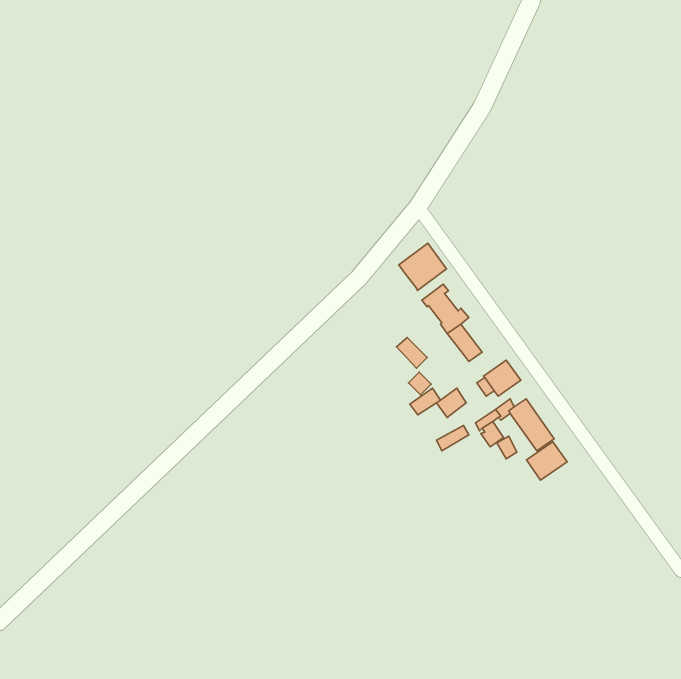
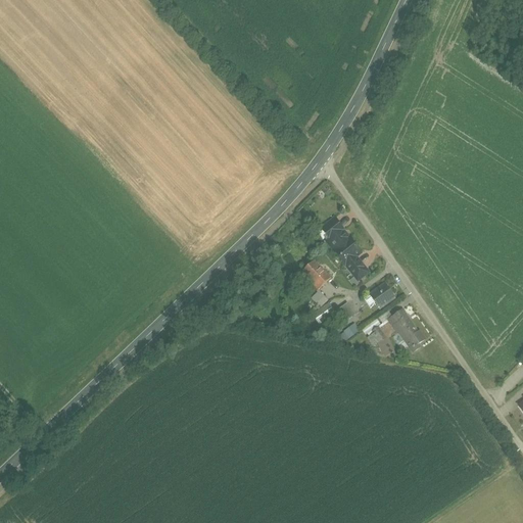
building: [399,243,446,290] -> none
building: [526,442,567,480] -> none

